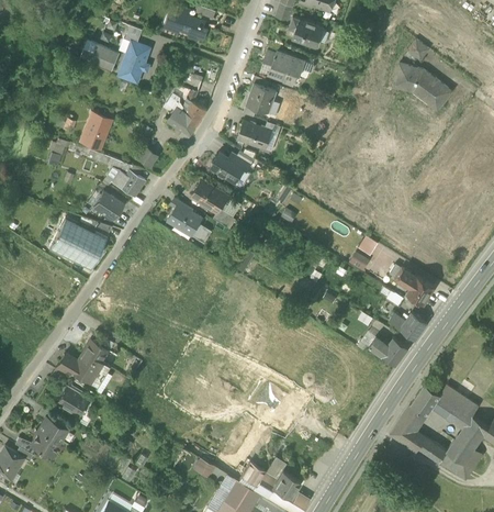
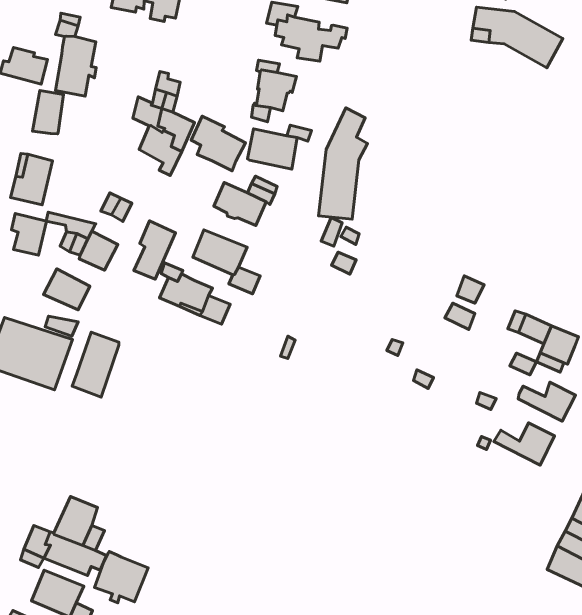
building: none -> [33,91,64,134]
building: none -> [191,116,246,171]
building: none -> [318,108,367,219]
building: none -> [12,214,46,255]
building: none -> [134,221,176,279]
building: none -> [72,332,119,397]
building: none -> [95,552,148,603]

